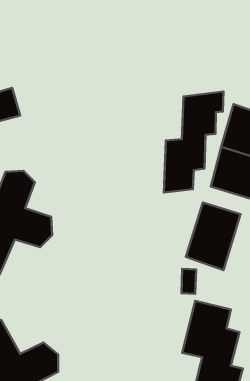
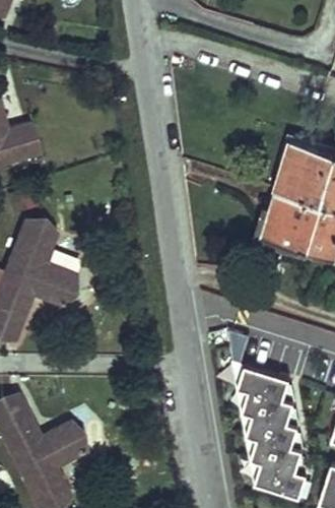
building: [164,92,223,193] -> none
building: [186,202,241,270] -> none

